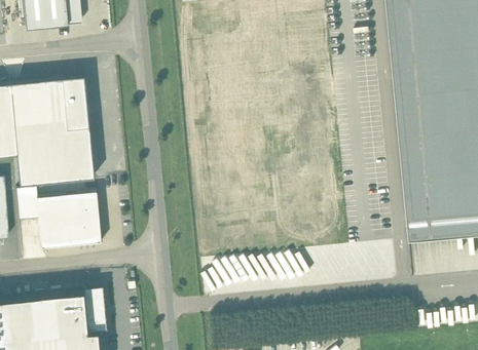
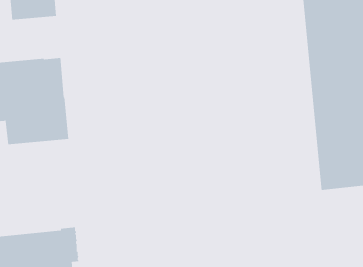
building: [14,187,102,248] -> none

